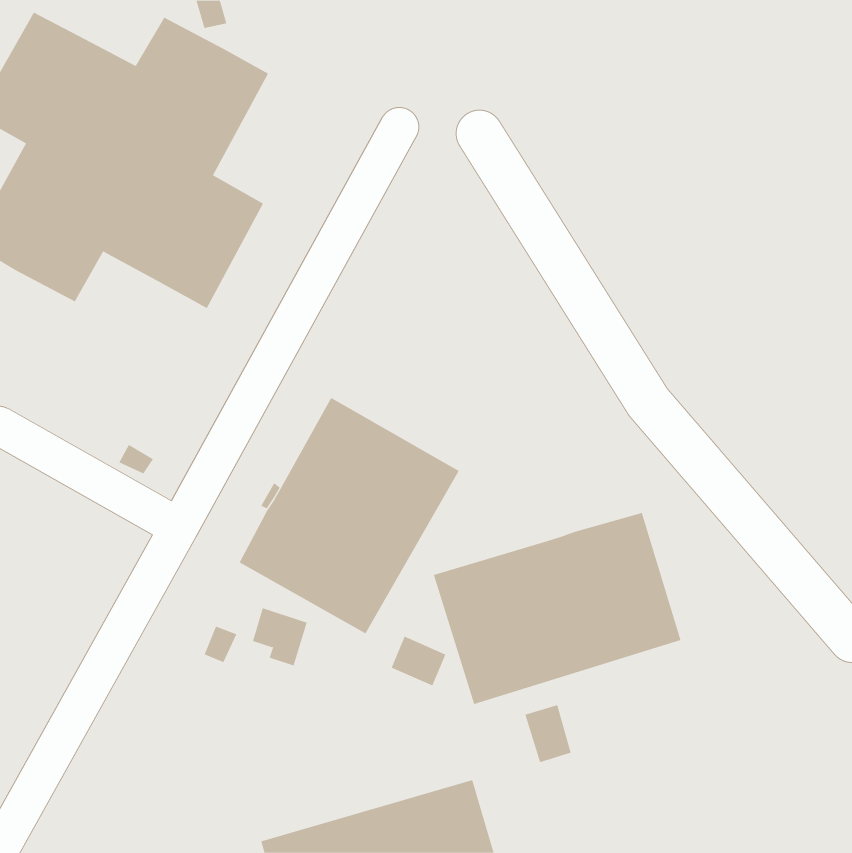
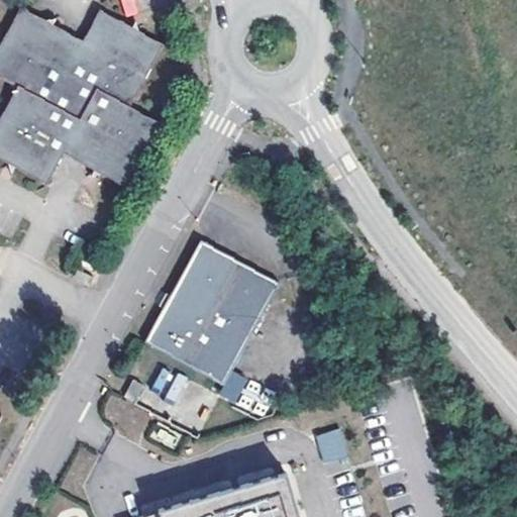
building: [433,512,681,705] -> none

